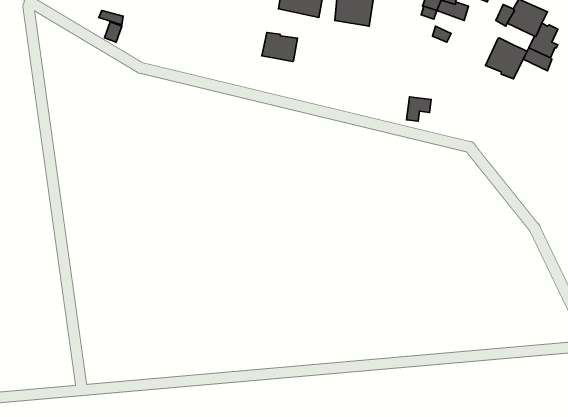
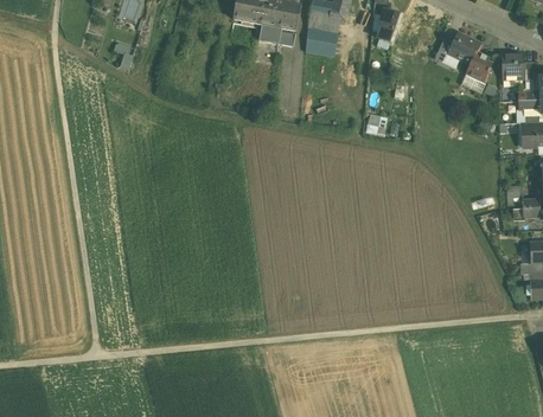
building: [262,33,297,62] -> none
building: [485,38,527,79] -> none

